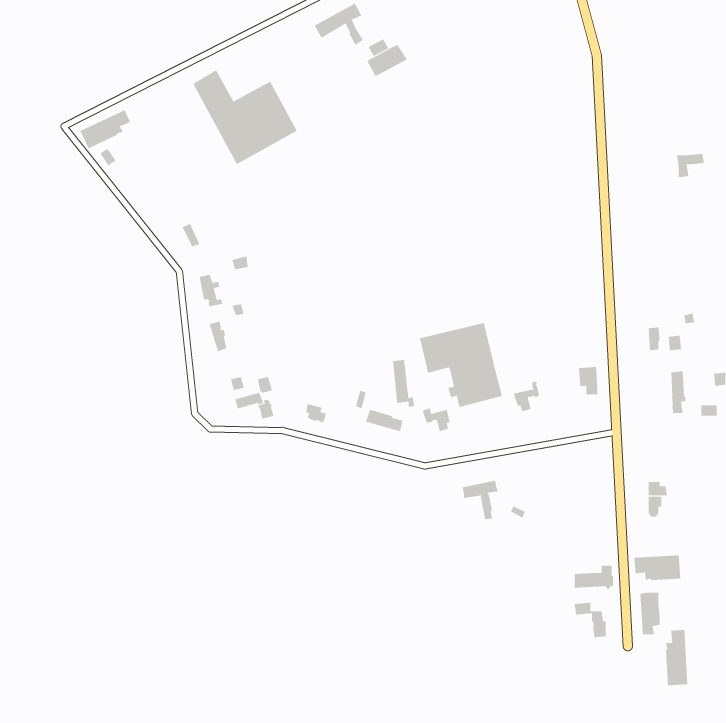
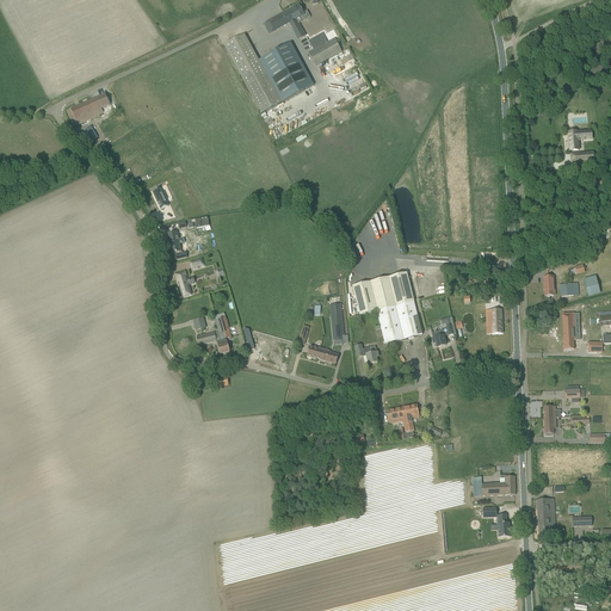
building: [192,70,298,165] -> [224,32,313,112]
building: [634,554,681,581] -> none
building: [665,629,688,686] -> none

